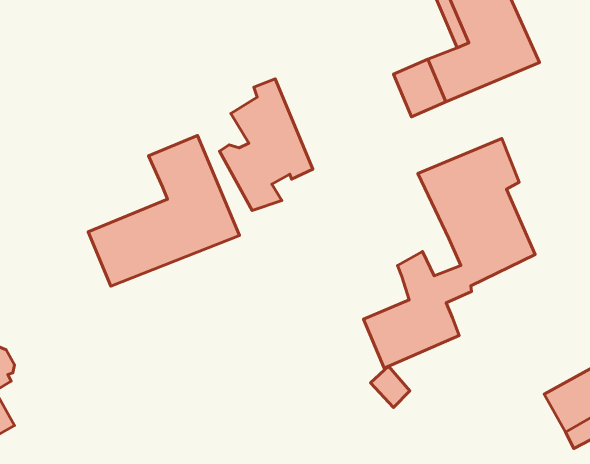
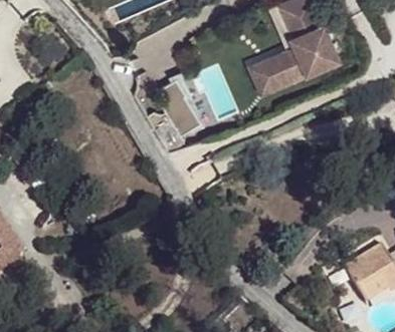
building: [88,136,239,286] -> none
building: [363,138,535,368] -> none

